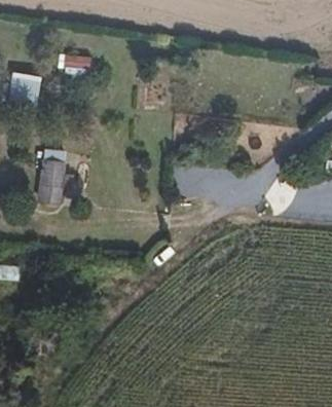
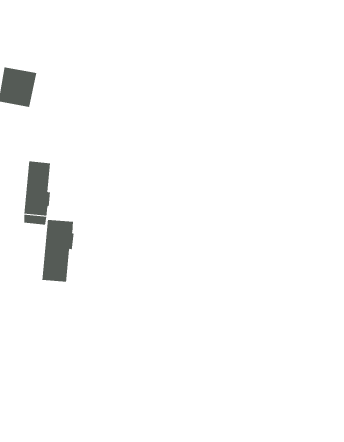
building: none -> [42,219,74,282]

